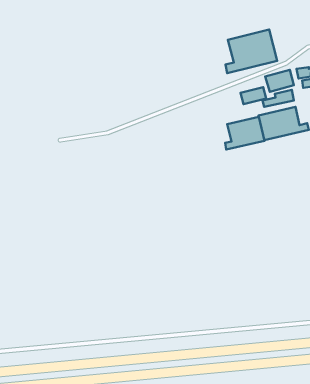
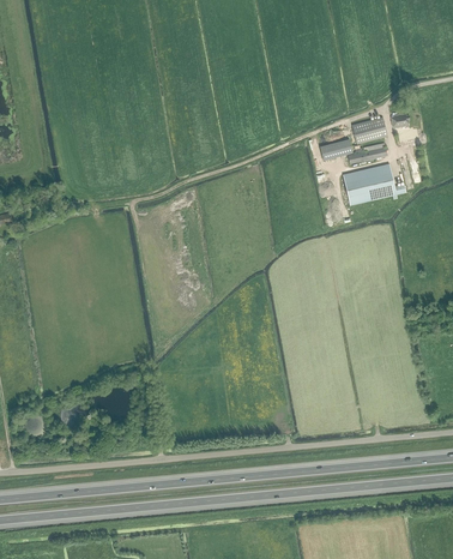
building: [225,29,277,73] -> none
building: [225,117,264,150] -> none

